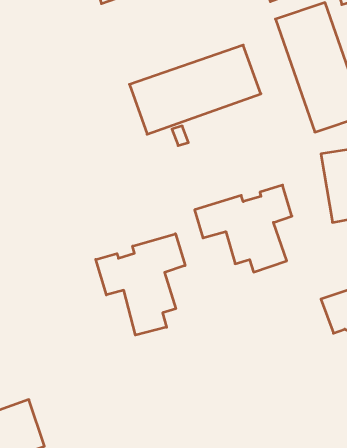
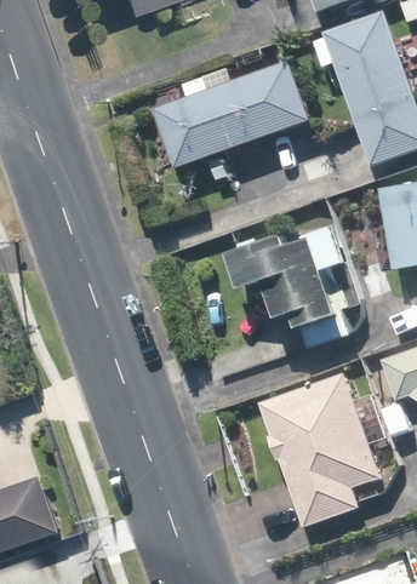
building: [96,234,185,335] -> none
building: none -> [258,372,378,526]

